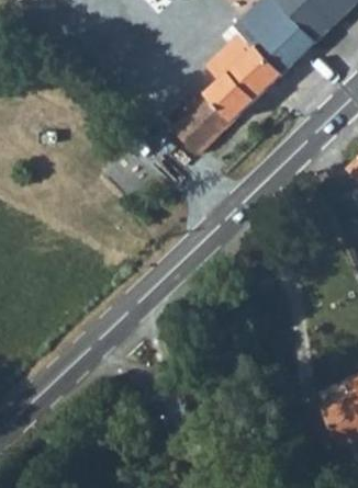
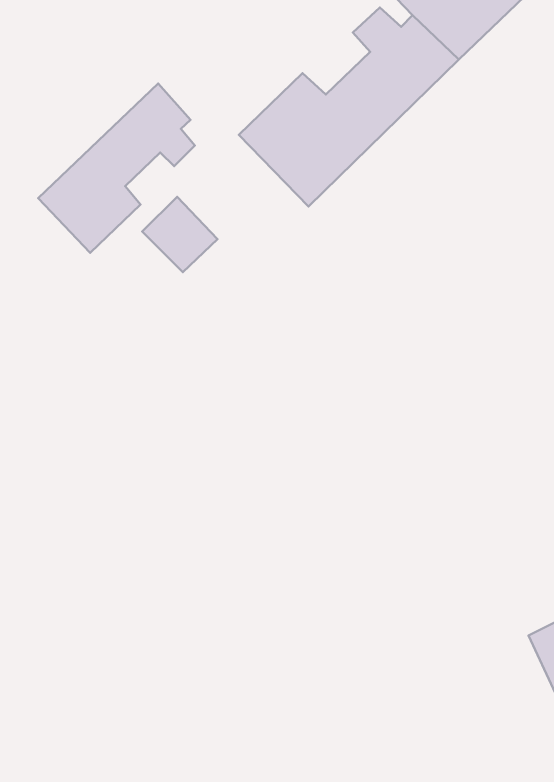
building: none -> [38,84,195,253]

